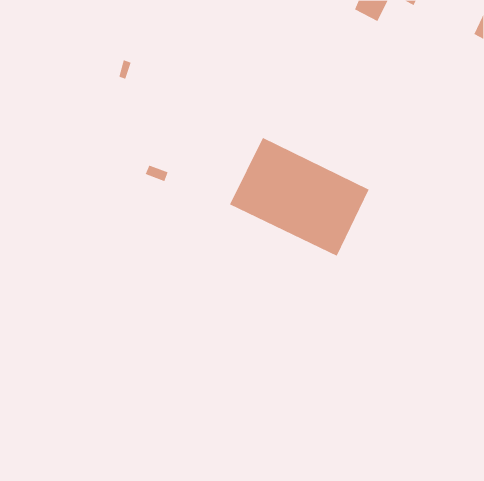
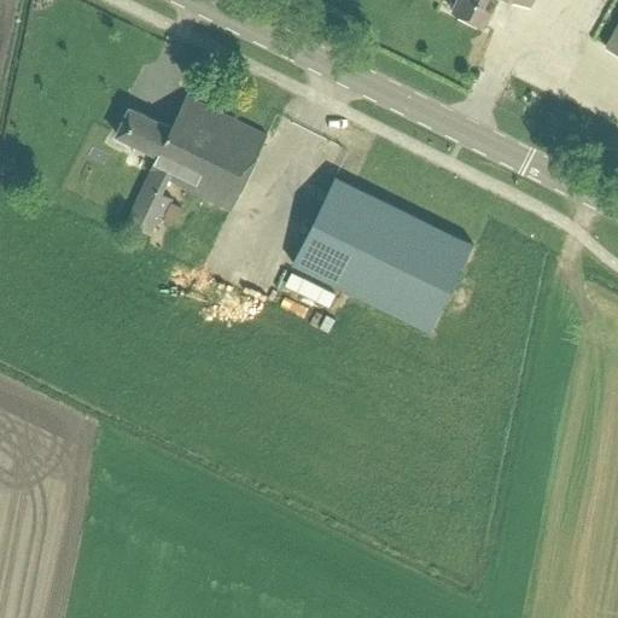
building: none -> [116,98,264,235]

